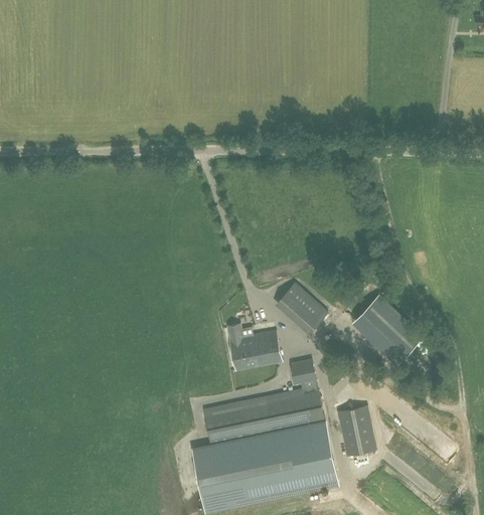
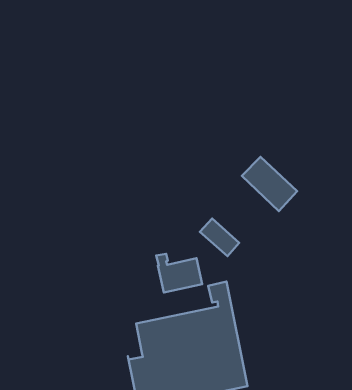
building: [355,295,422,360] -> [242,157,297,211]
building: [336,405,375,456] -> none

